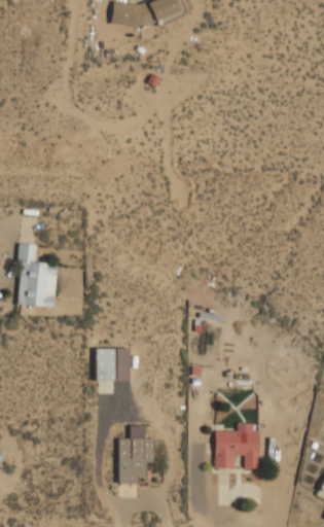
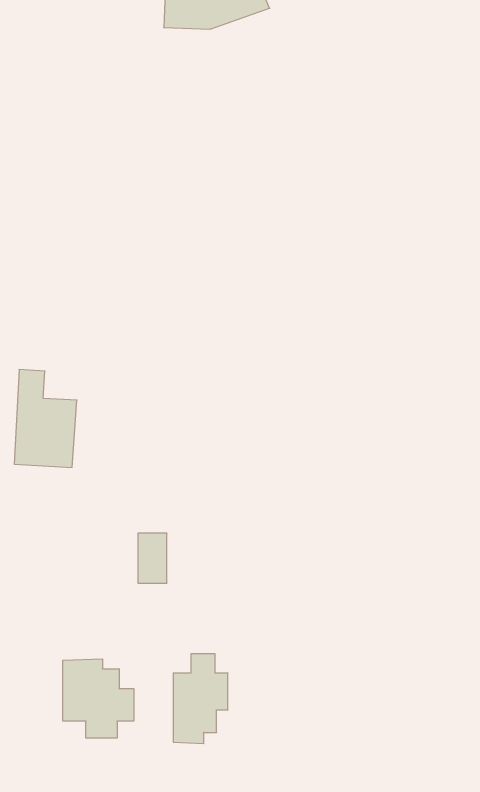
building: [216,423,260,468] -> none
building: none -> [63,659,134,738]

